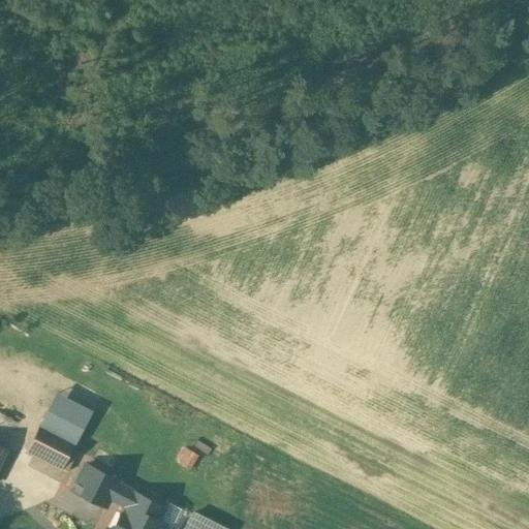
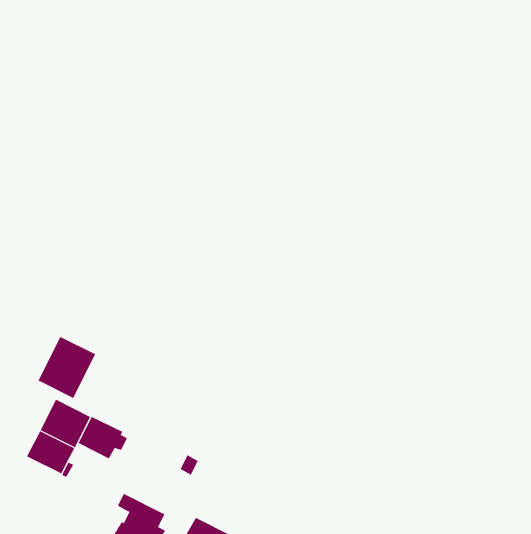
building: none -> [38,336,96,399]
building: [75,466,125,508] -> [78,416,128,459]

